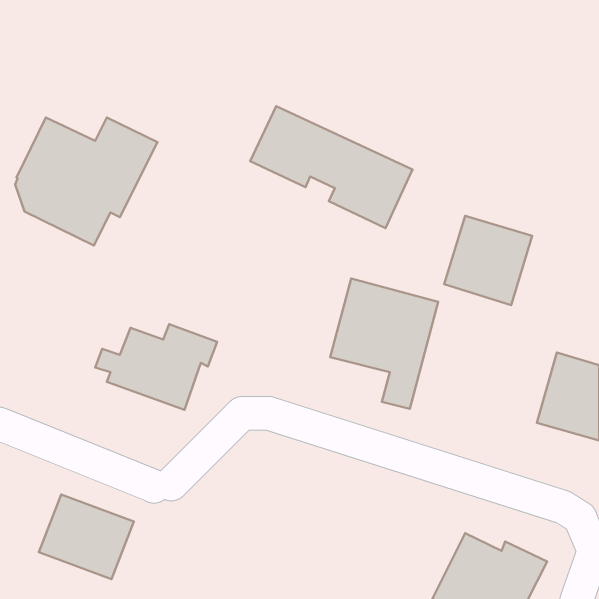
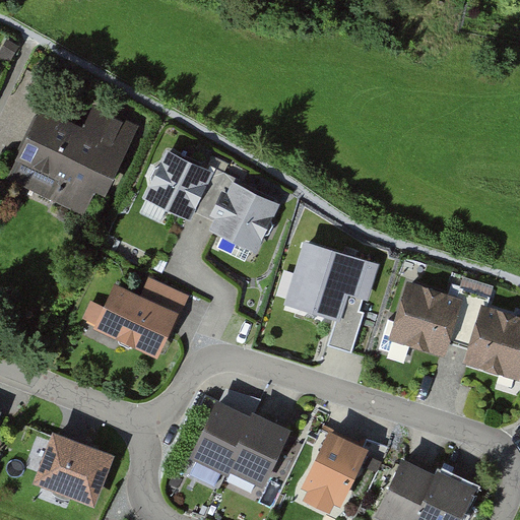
building: [250,106,412,228] -> [144,150,284,256]
building: [444,216,532,305] -> [388,280,464,358]
building: none -> [189,405,292,488]
building: none -> [304,434,369,514]

